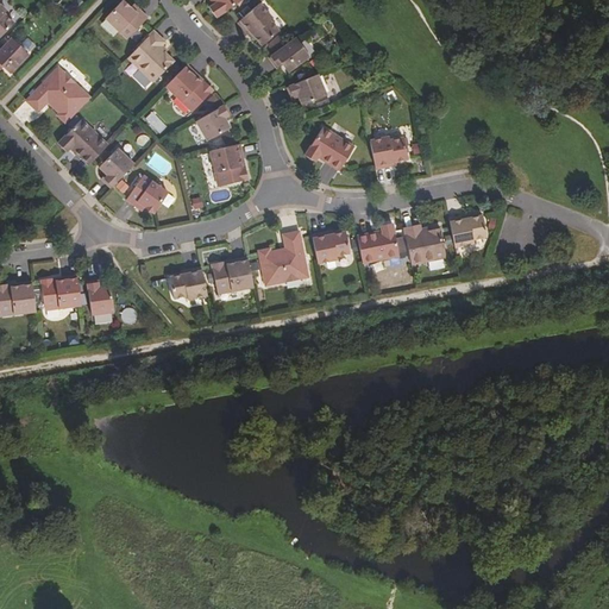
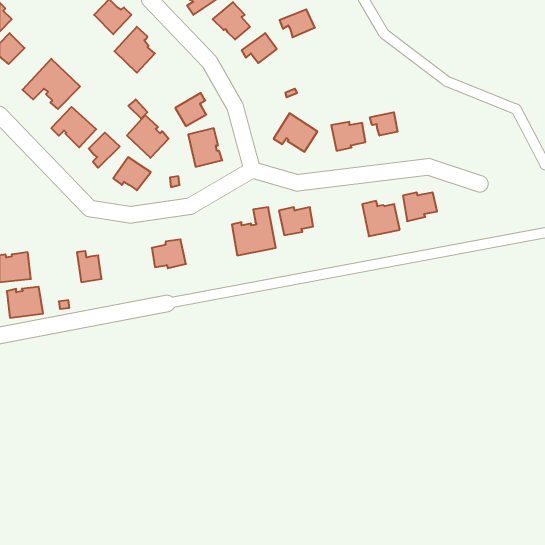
building: [165,63,212,111] -> [127,115,169,158]
building: [287,74,326,105] -> [280,9,315,37]
building: none -> [370,112,397,136]
building: [357,222,398,262] -> none
building: [211,256,252,293] -> none
building: [40,275,81,309] -> [7,287,43,318]

